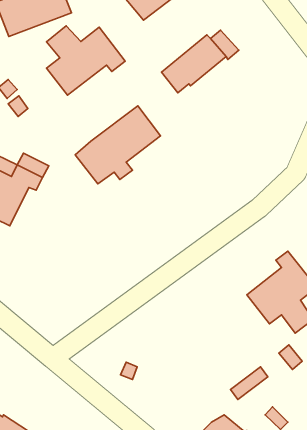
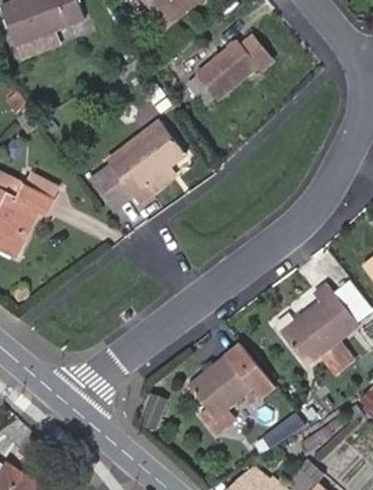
building: [46,26,125,95] -> none
building: none -> [187,343,268,436]

